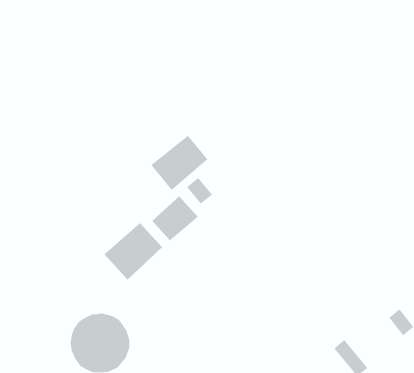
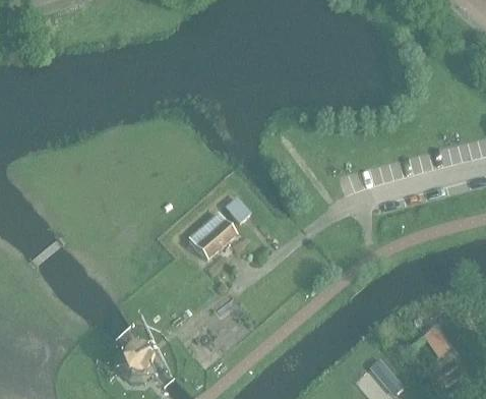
building: [151,135,208,191] -> none
building: [104,222,163,281] -> none

